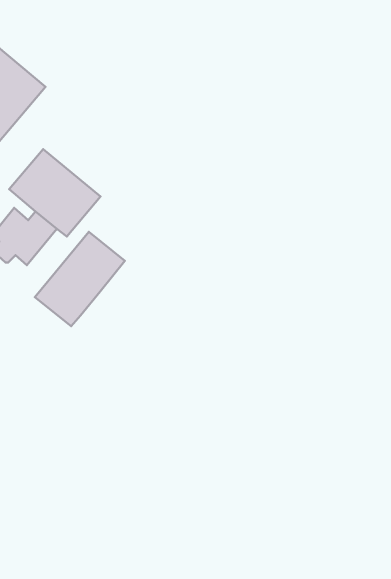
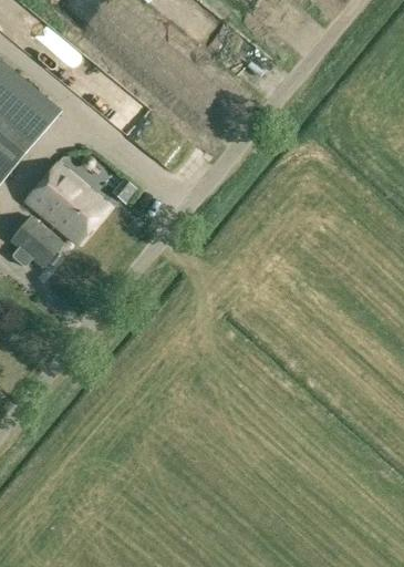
building: [35,232,125,326] -> none

